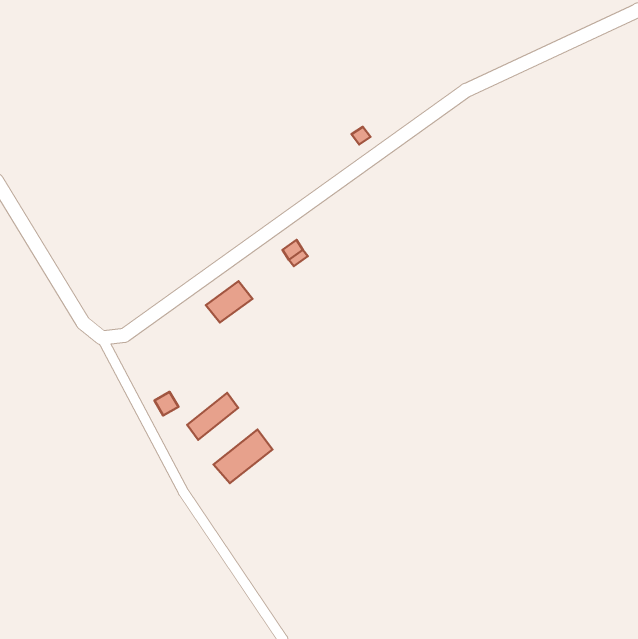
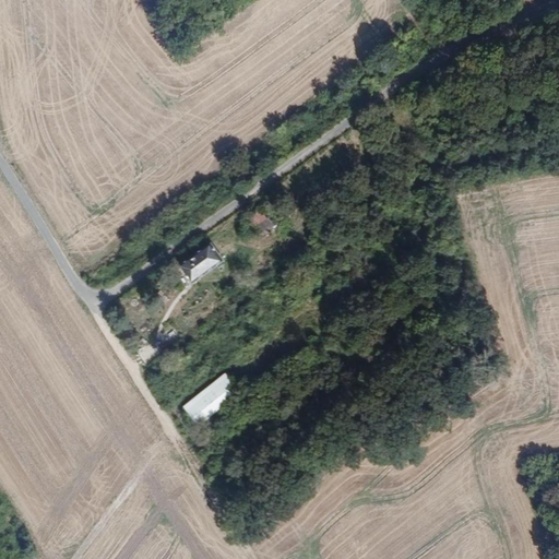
building: [187,393,238,440] -> none

